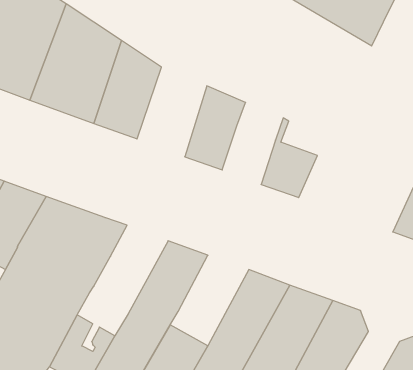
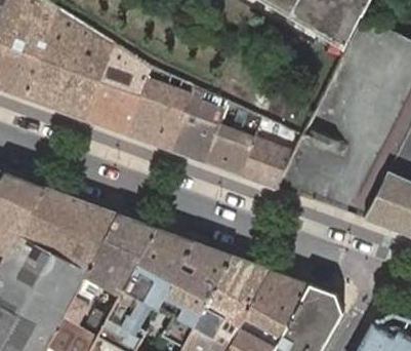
building: none -> [127,68,192,151]
building: none -> [206,122,255,177]
building: none -> [83,215,156,297]
building: none -> [165,242,231,313]

